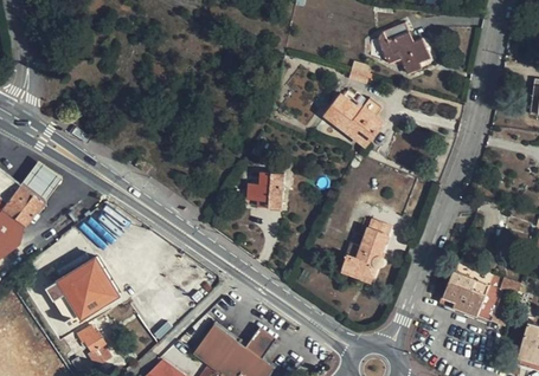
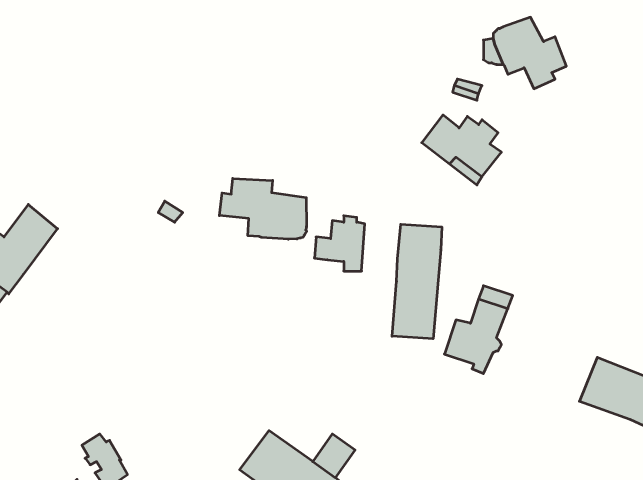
building: none -> [219,178,307,239]
building: none -> [392,224,442,339]
building: [45,254,121,319] -> none

